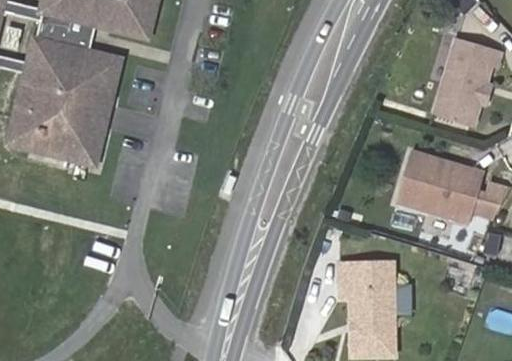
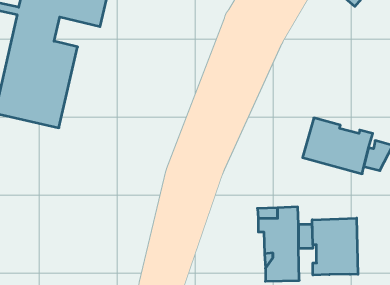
building: [434,35,501,122] -> none
building: none -> [312,218,358,275]

